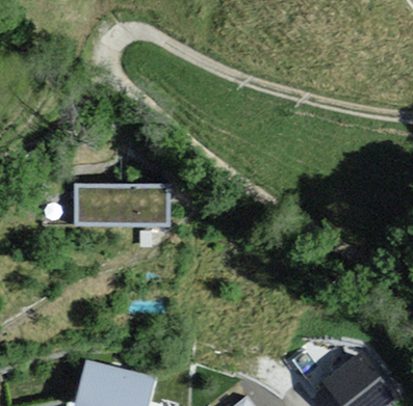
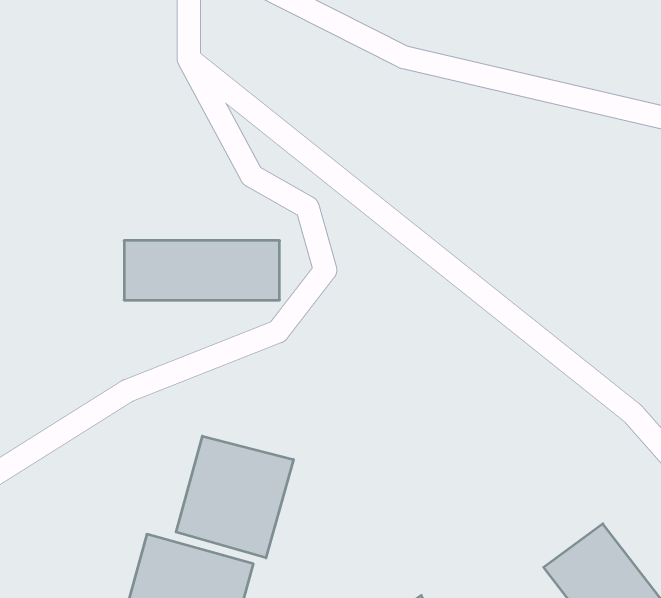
building: none -> [176,436,293,558]

